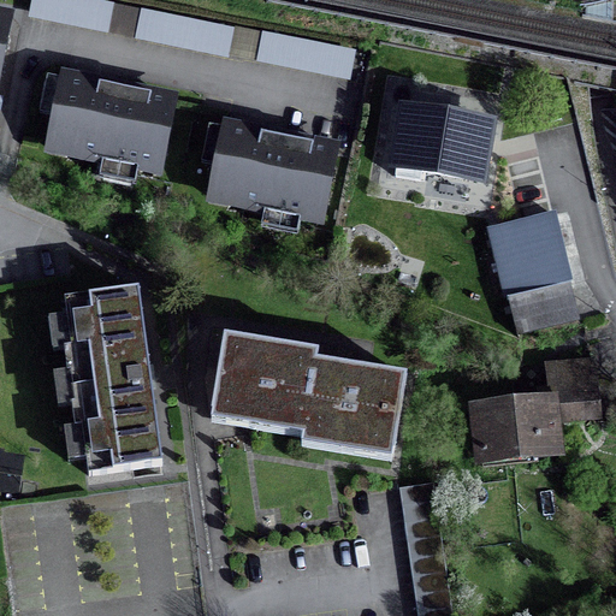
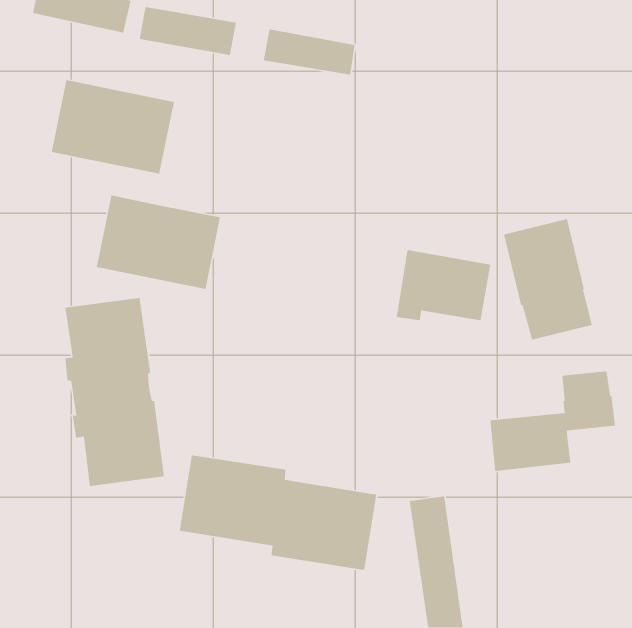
building: [395,108,487,178] -> [396,249,491,321]
building: [212,126,333,219] -> [96,194,221,290]
building: [212,337,404,450] -> [179,454,377,571]

